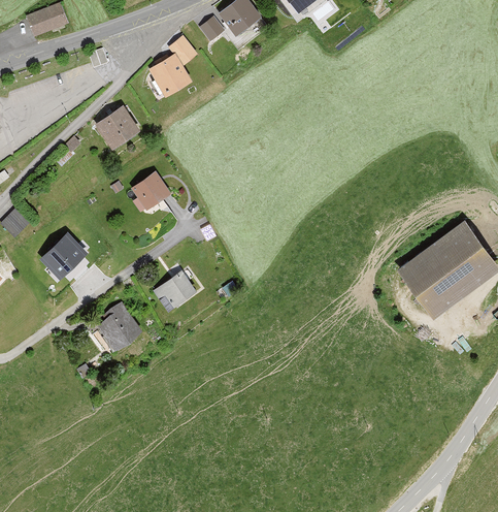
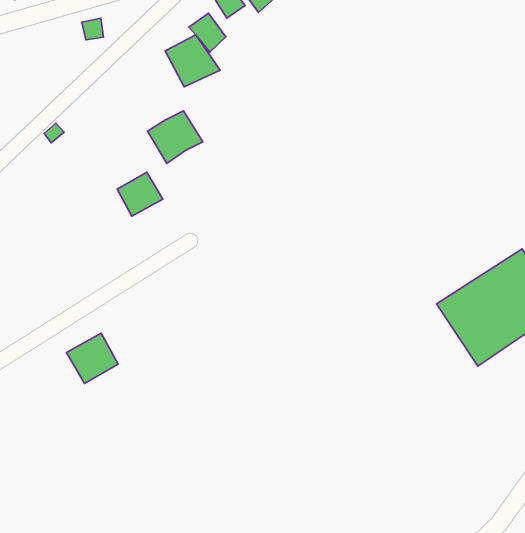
building: [95,105,141,150] -> [147,111,203,164]
building: [42,234,85,277] -> none
building: [151,275,192,312] -> none

